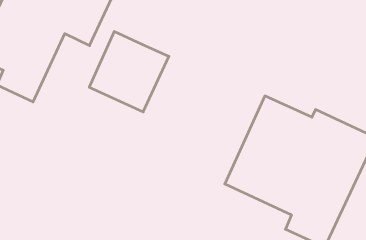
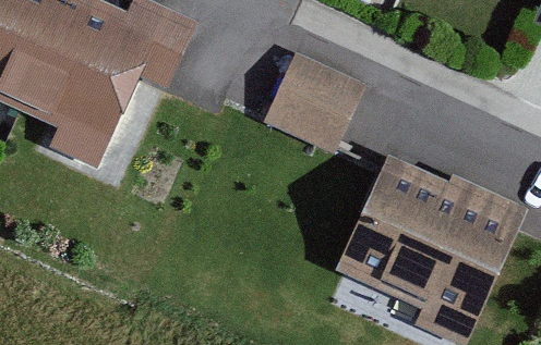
building: [89,32,169,112] -> [264,52,365,155]

